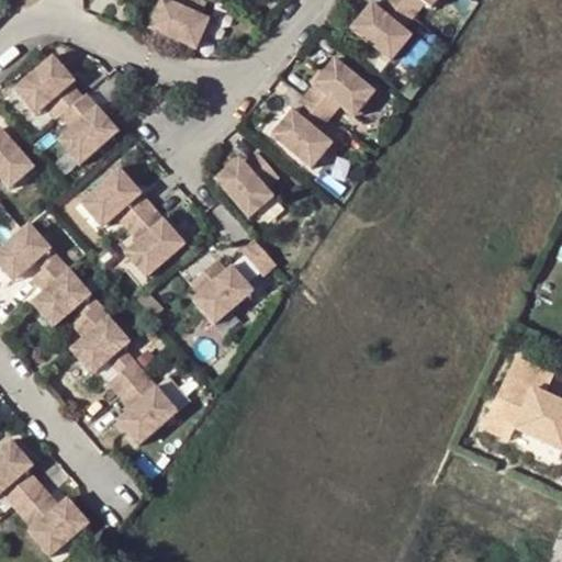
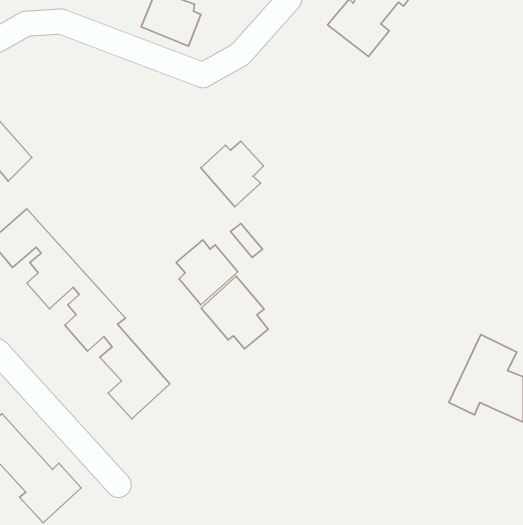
building: [14,49,123,164] -> none
building: [271,55,378,169] -> none
building: [76,164,186,279] -> none
building: none -> [201,276,268,349]

